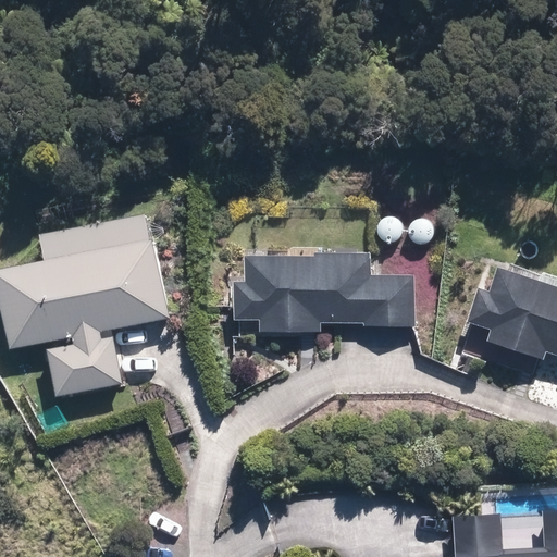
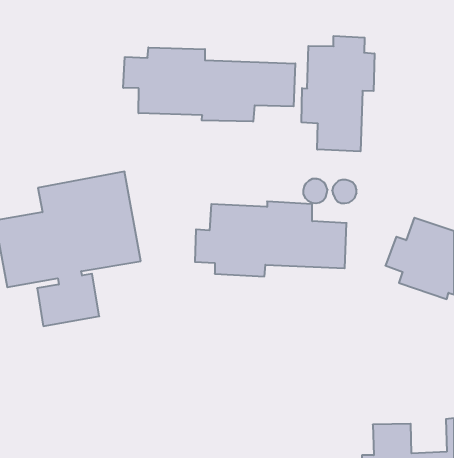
building: none -> [302,36,374,151]
building: none -> [123,47,295,122]

